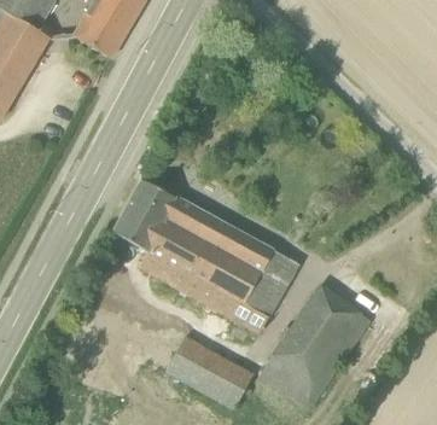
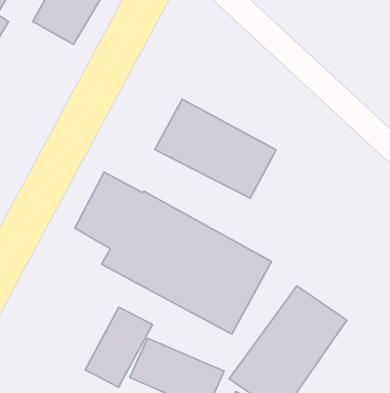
building: none -> [155,99,276,198]
building: none -> [85,307,152,387]

